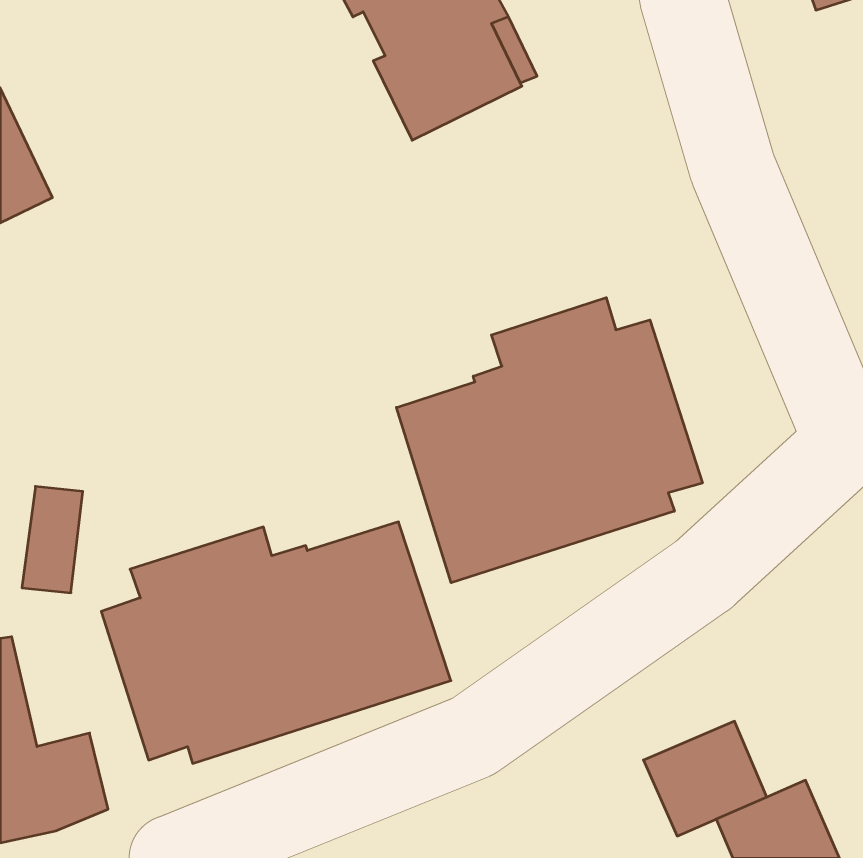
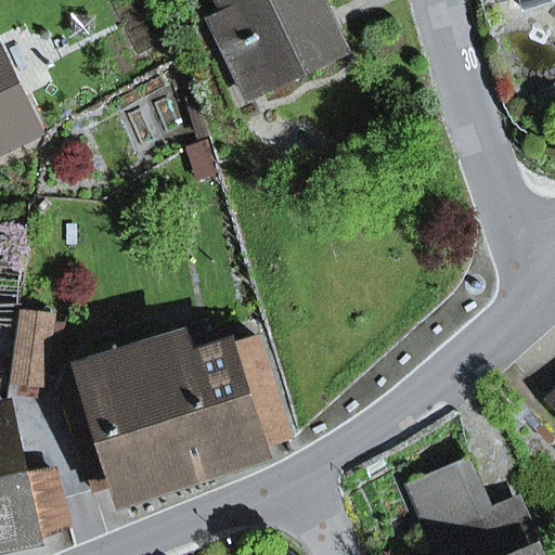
building: [396,298,702,583] -> none

